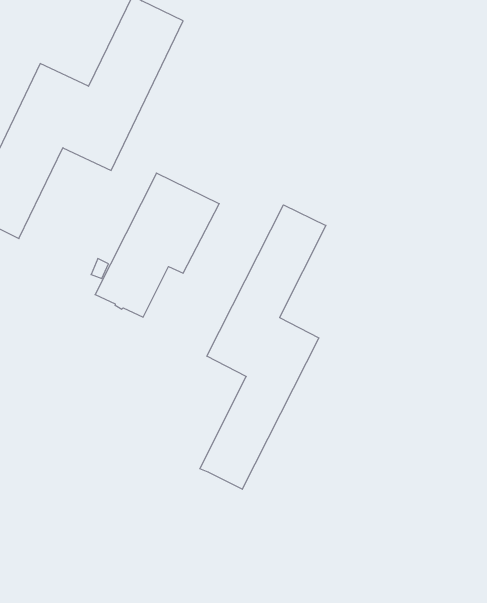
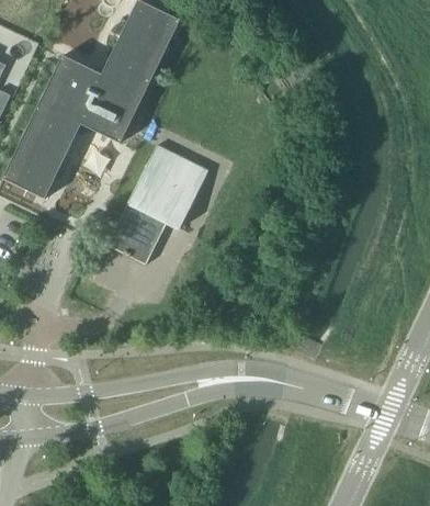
building: [200,205,326,489] -> none

